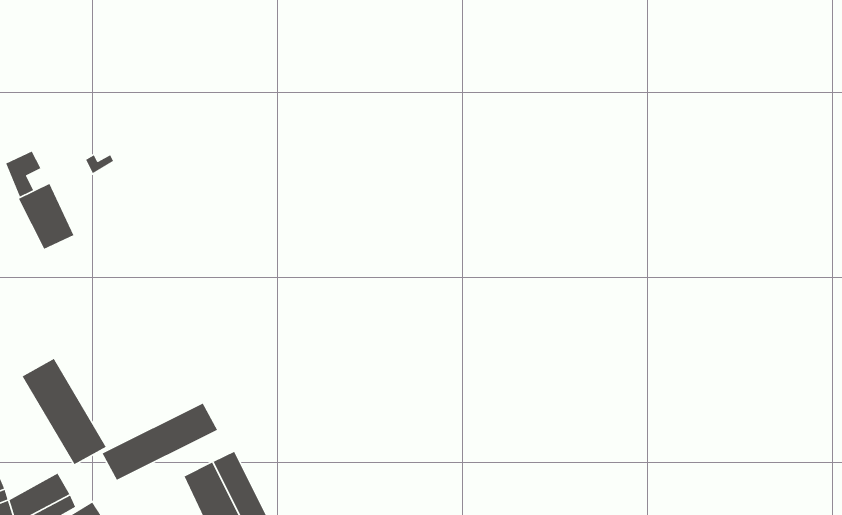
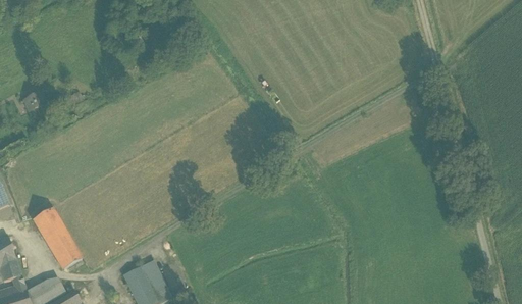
building: [18,183,74,250] -> none
building: [101,403,218,481] -> none

